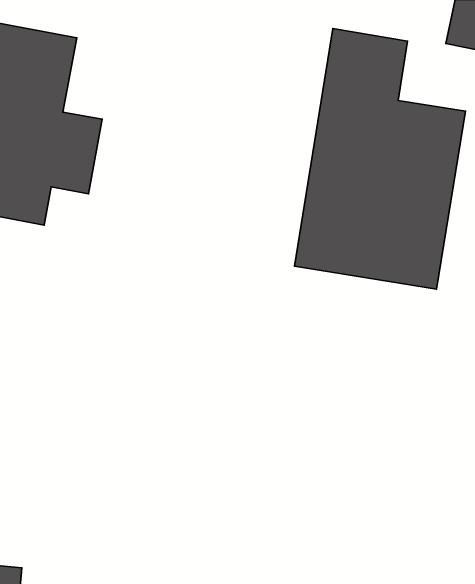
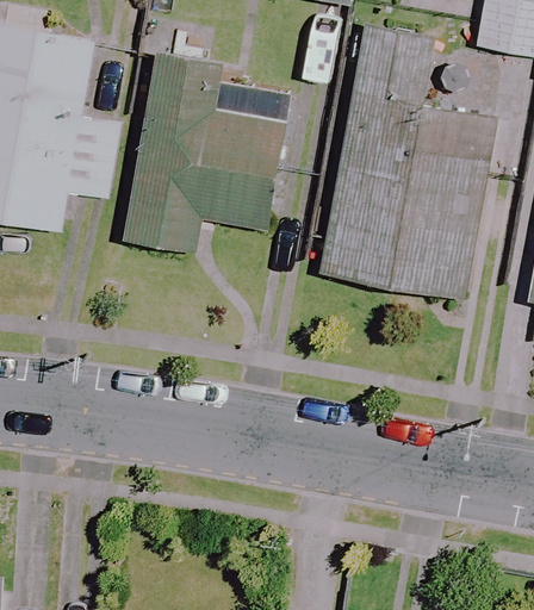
building: none -> [117,55,287,253]

